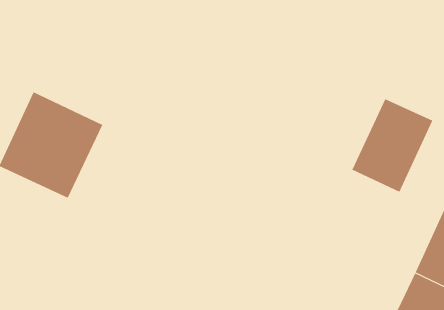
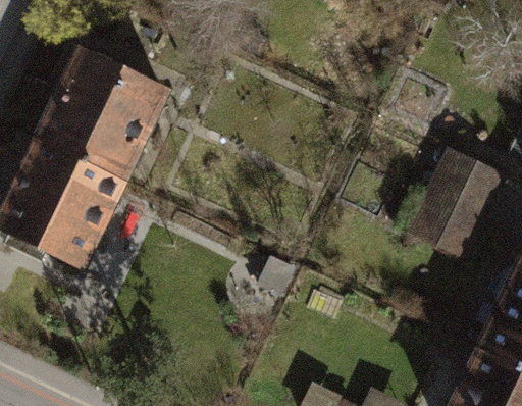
building: none -> [42,52,165,179]

